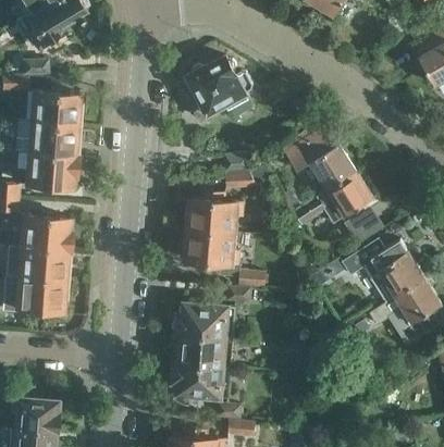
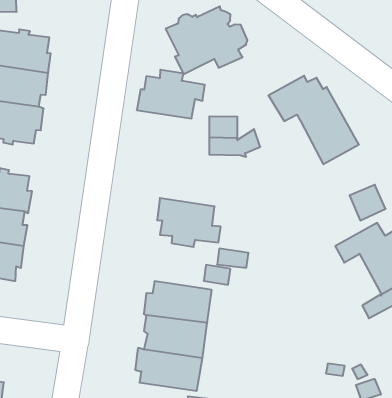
building: [285,171,373,235] -> none
building: [184,193,243,234] -> [137,70,205,118]

